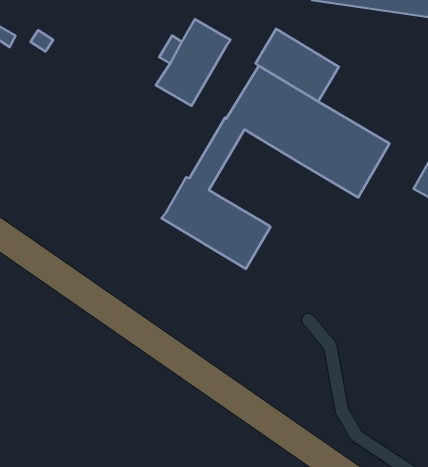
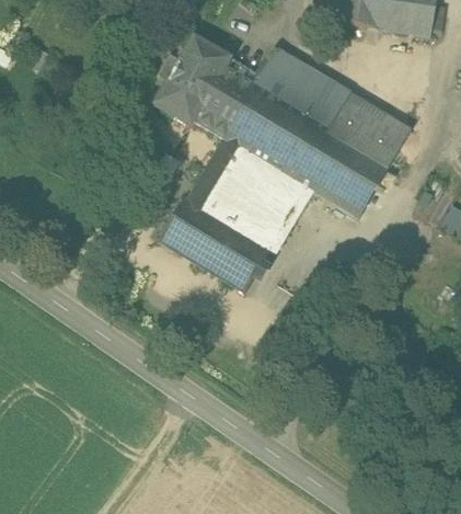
building: none -> [198,66,263,139]
building: none -> [323,87,416,164]
building: none -> [212,150,307,248]

